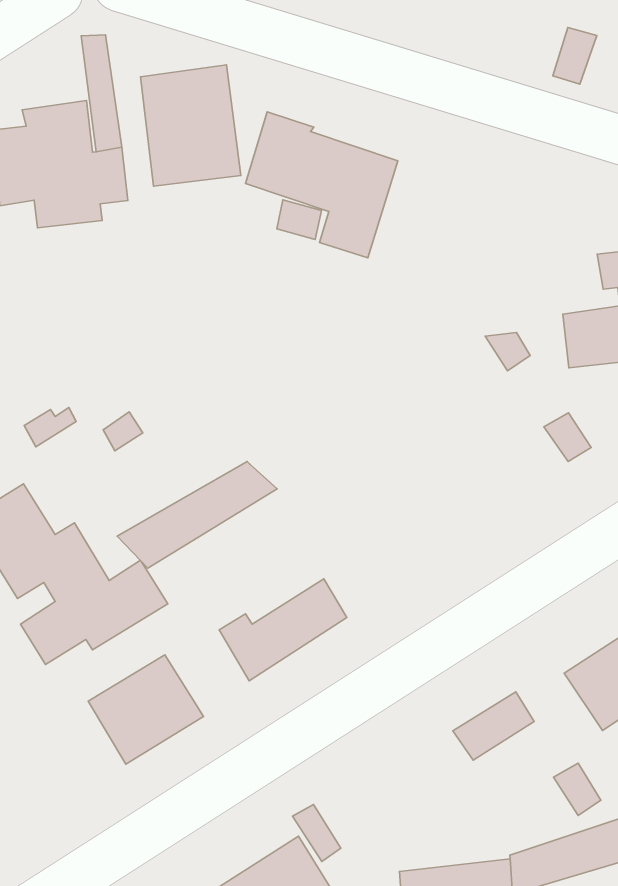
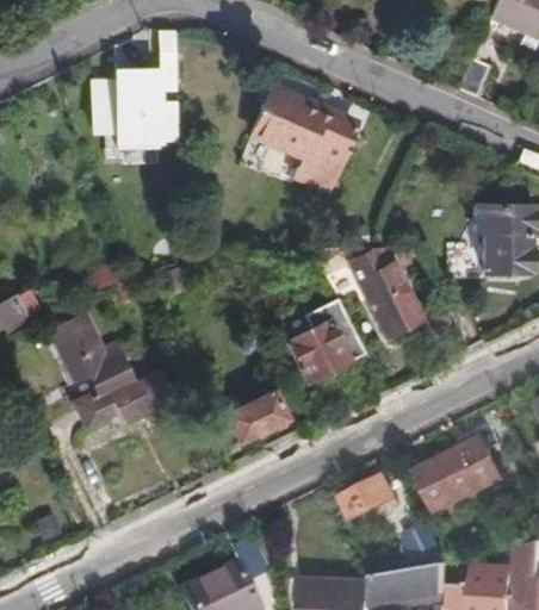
building: [140,65,241,186] -> none
building: none -> [343,249,420,335]
building: none -> [290,298,365,379]
building: [117,461,277,568] -> none
building: [88,655,203,764] -> none

